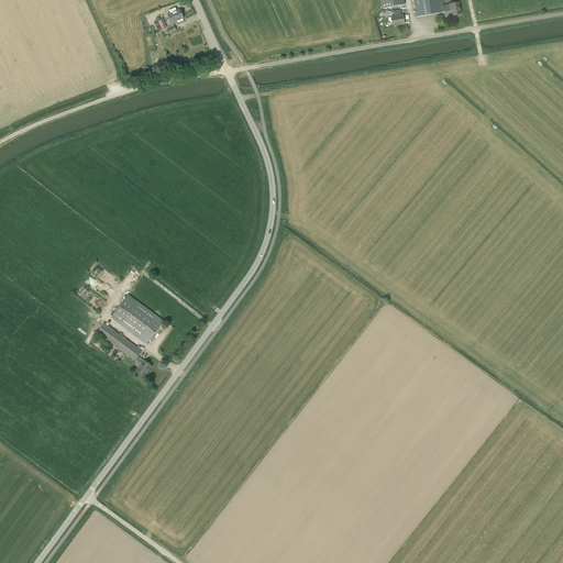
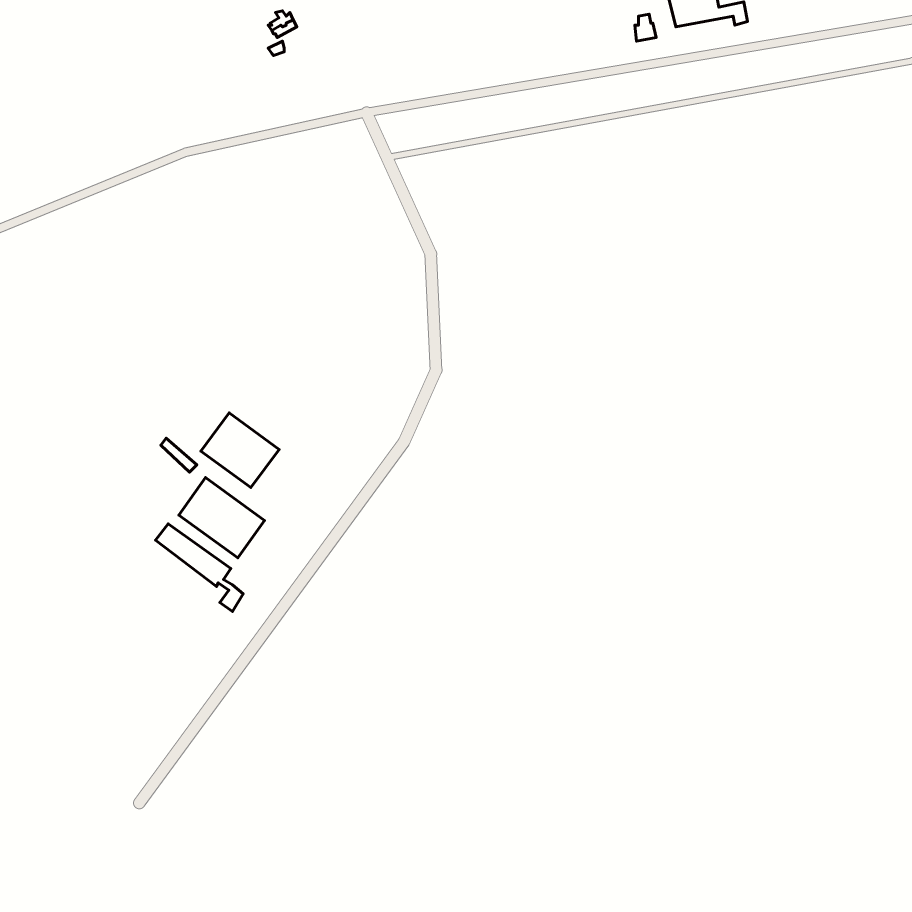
building: none -> [201,413,279,487]

